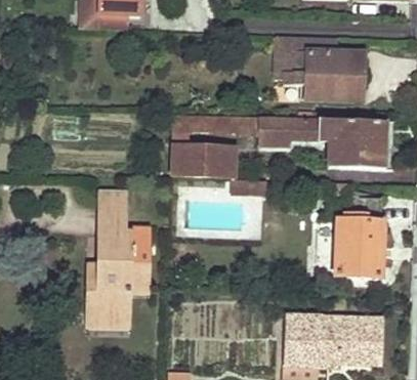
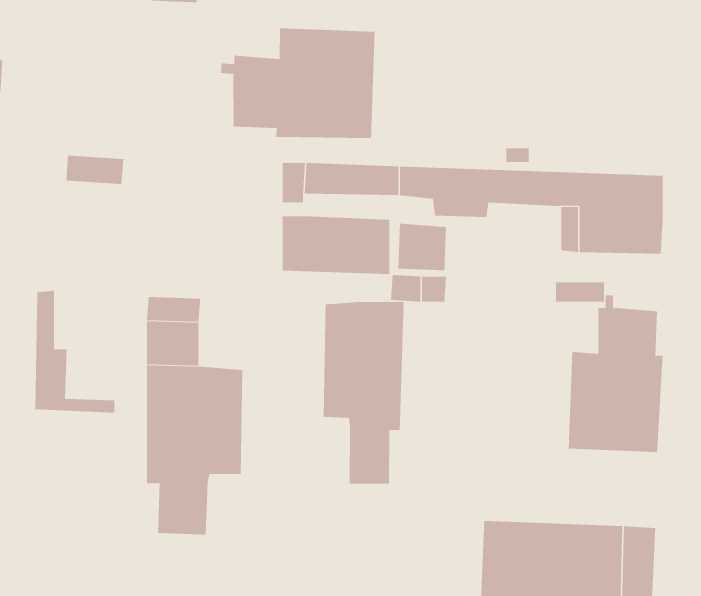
building: [274,34,362,102] -> none
building: none -> [220,28,375,139]
building: none -> [323,301,404,485]
building: [86,262,131,331] -> [35,290,115,413]

